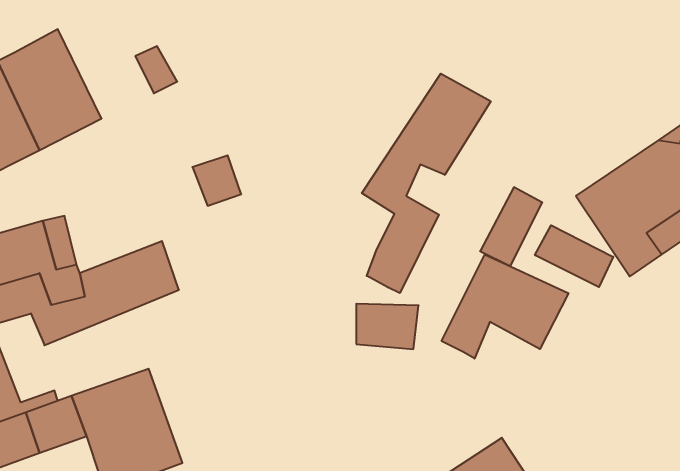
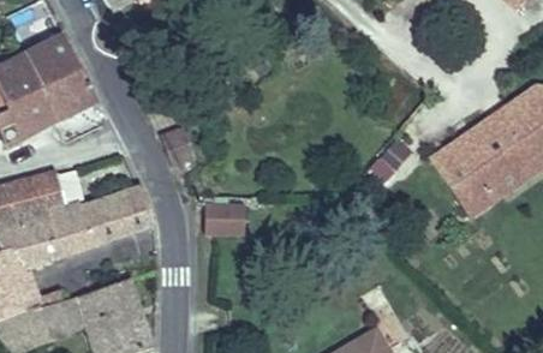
building: [362,74,491,293] -> none
building: [535,225,613,287] -> none
building: [442,255,569,359] -> none
building: [356,304,419,349] -> [203,201,247,233]

